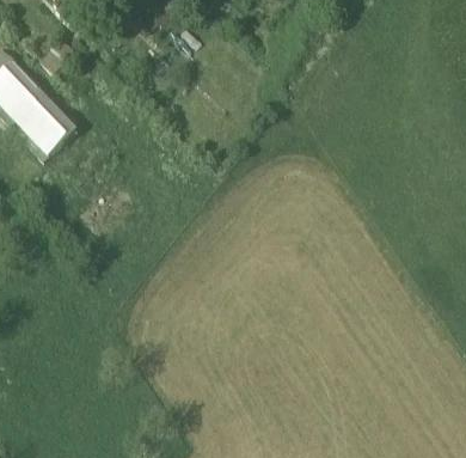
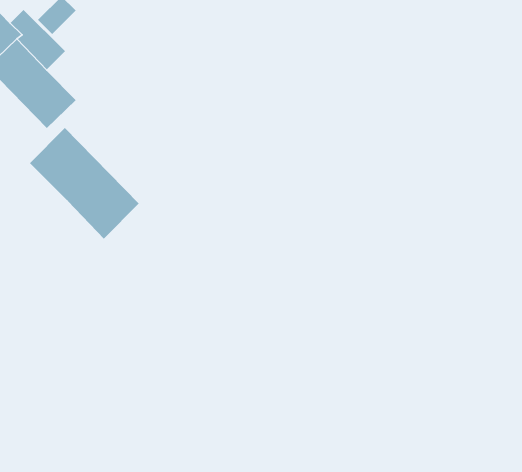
building: none -> [29,127,140,239]

